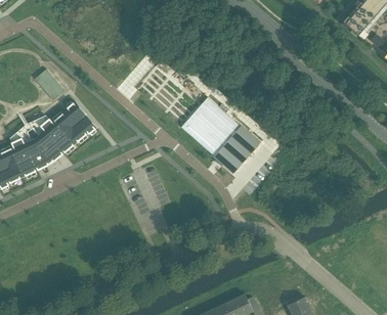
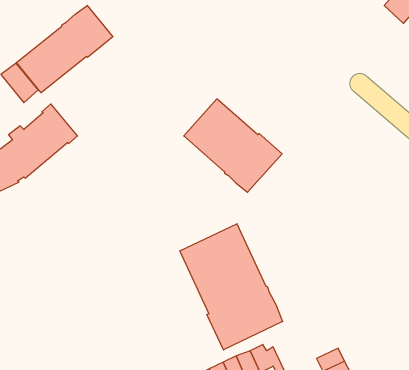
building: none -> [16,5,113,93]
building: none -> [180,224,283,350]

